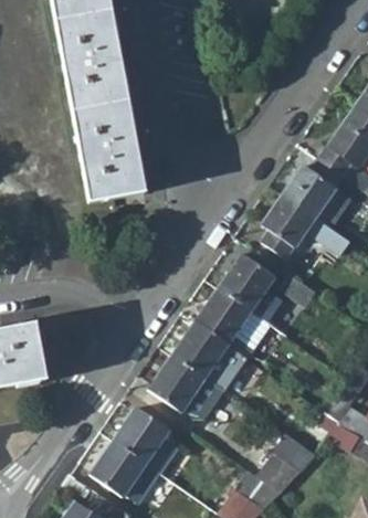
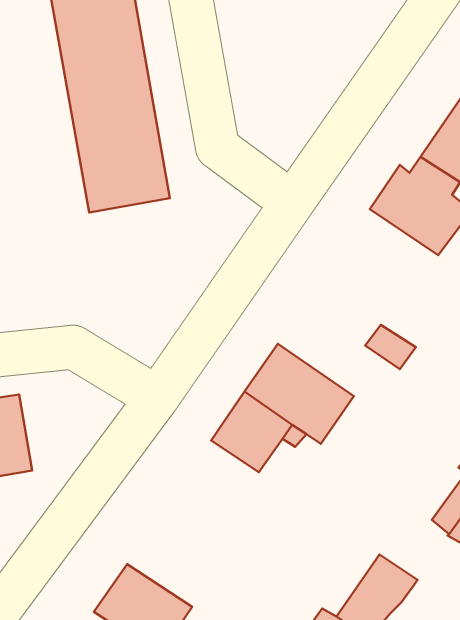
building: [262,197,336,260] -> none
building: [218,257,273,313] -> none
building: [148,358,222,422] -> none
building: [113,410,175,474] -> none

